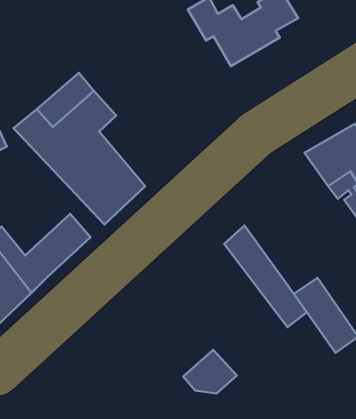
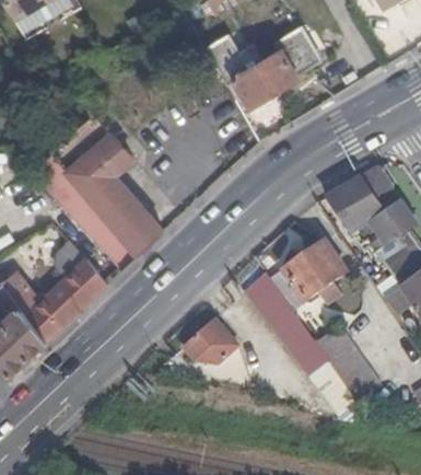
building: none -> [283,242,346,301]
building: [183,350,237,394] -> [184,320,238,364]

